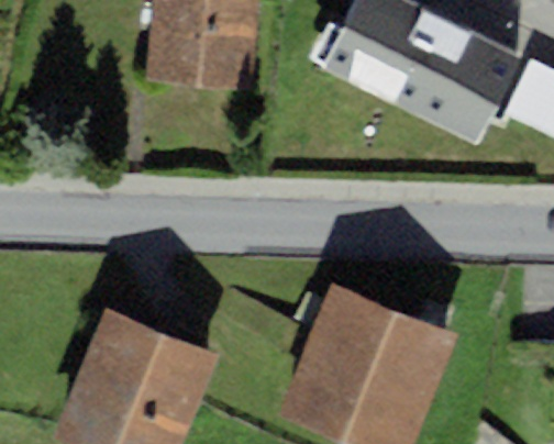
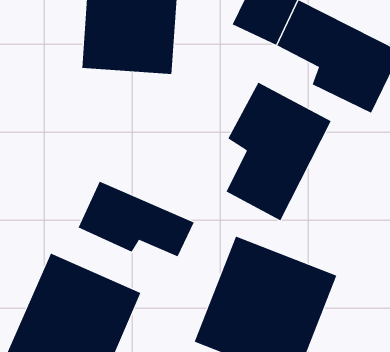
building: none -> [226,82,332,221]
building: none -> [78,181,194,257]

